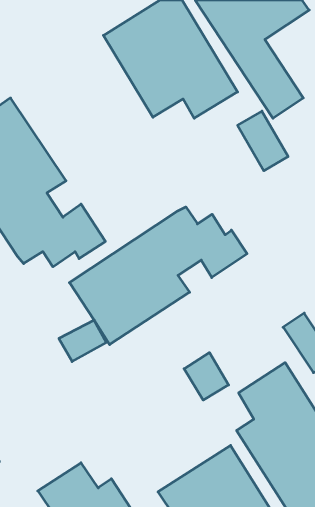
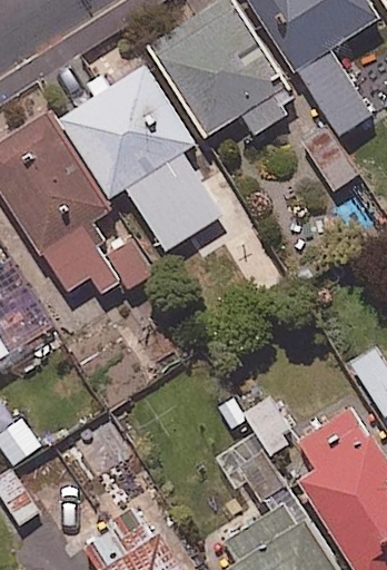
building: none -> [61,65,221,250]
building: [69,207,247,345] -> none

